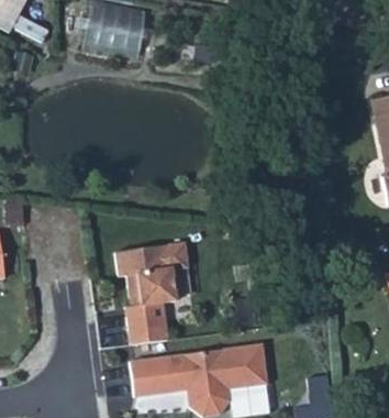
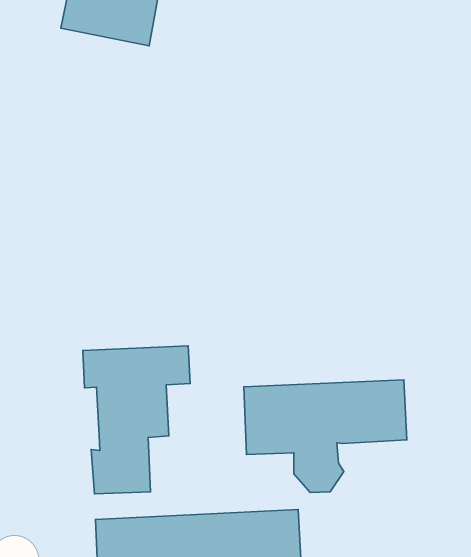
building: none -> [244,380,407,493]

